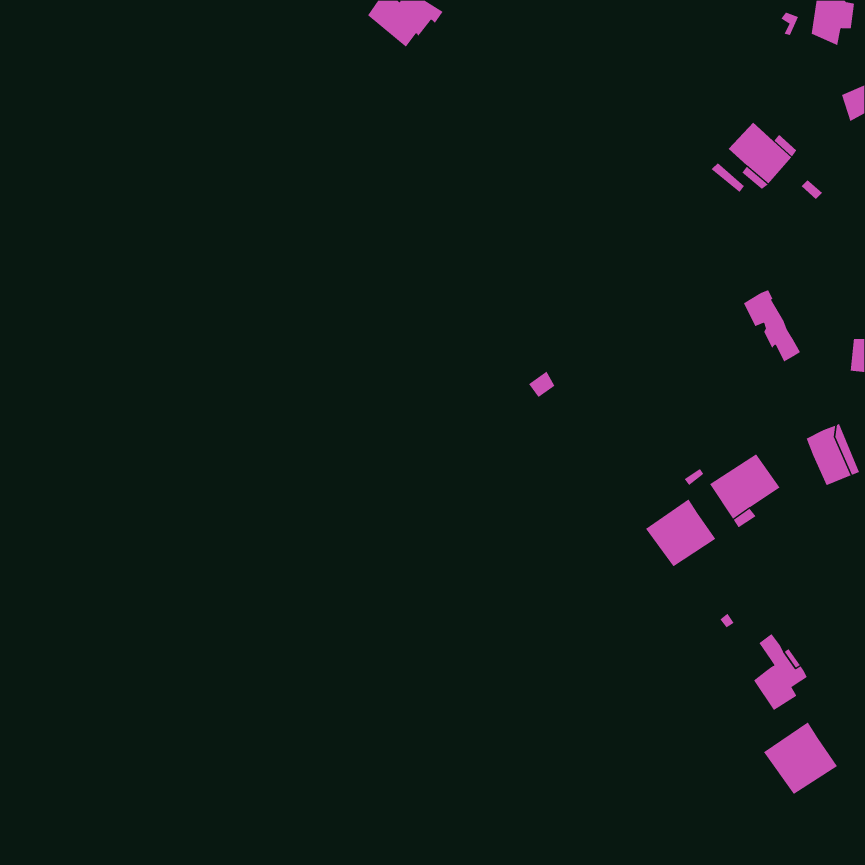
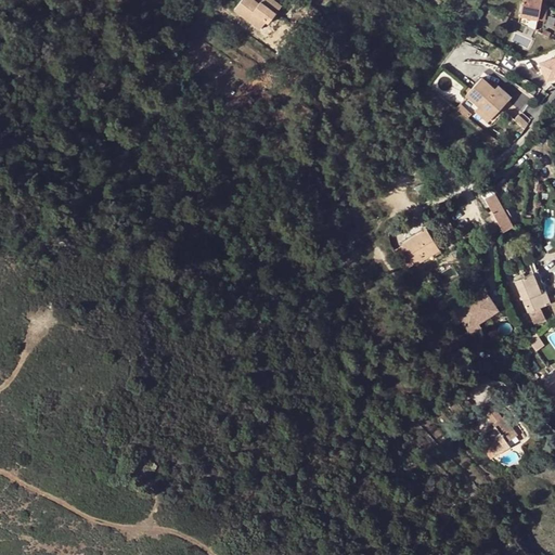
building: none -> [402,230,439,263]
building: [645,499,716,567] -> none
building: [763,722,838,795] -> none

